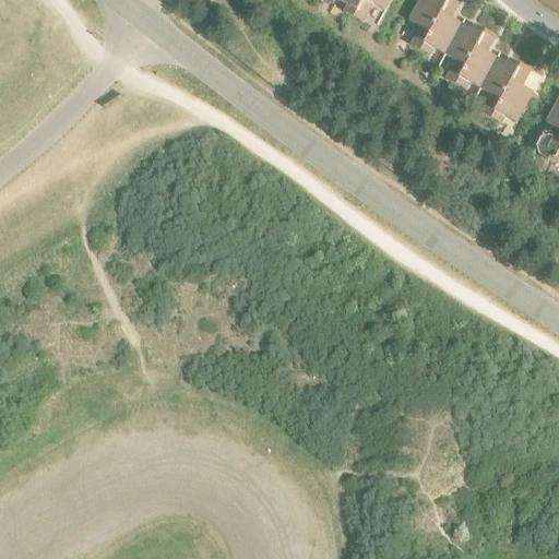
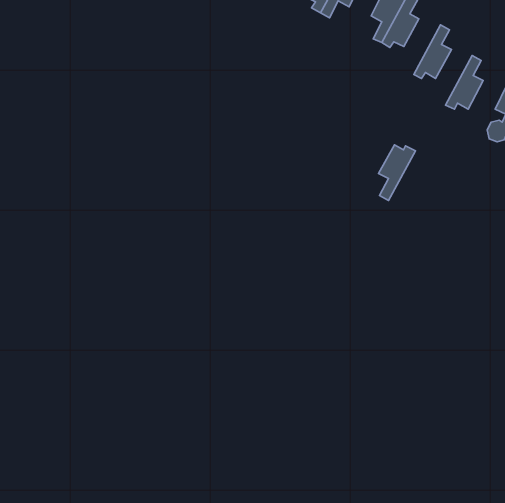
building: [447,21,487,82] -> none
building: [481,55,522,116] -> [379,145,415,200]

